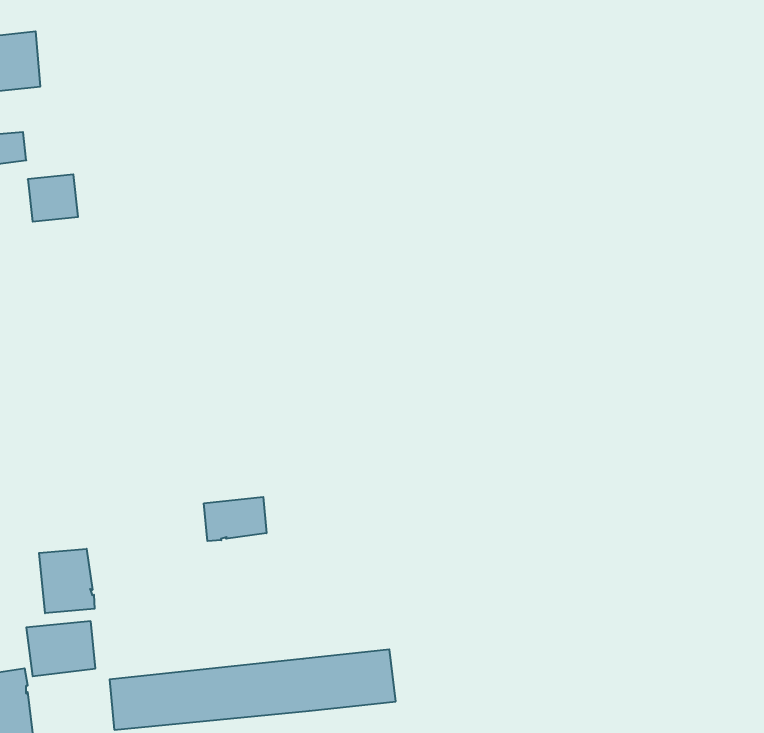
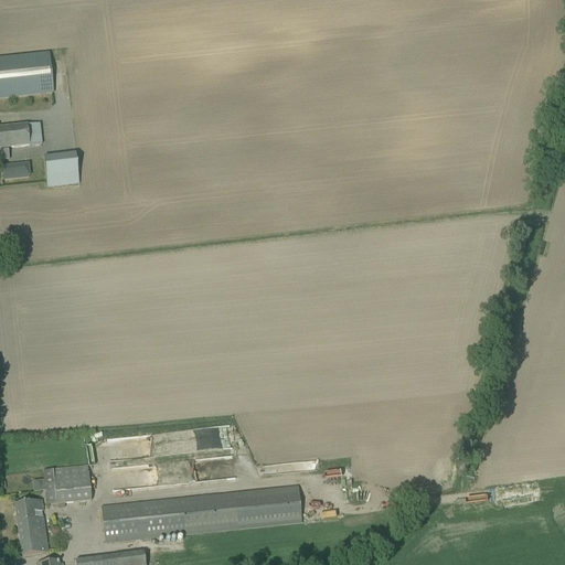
building: [204,497,266,541] -> none
building: [39,549,95,613] -> none

